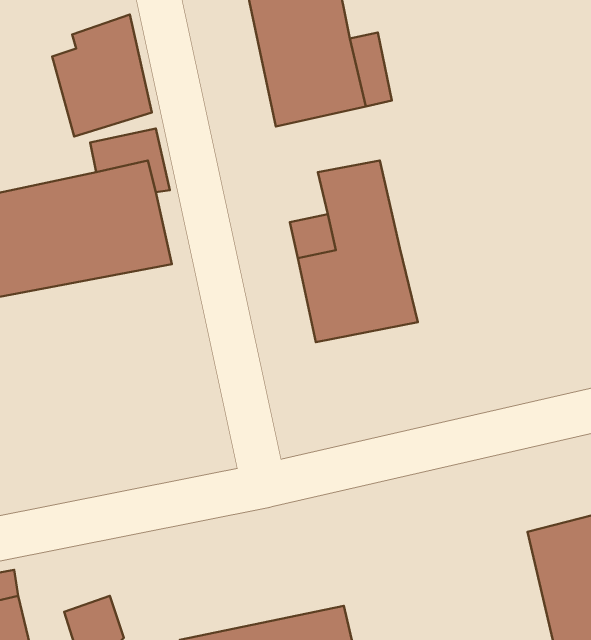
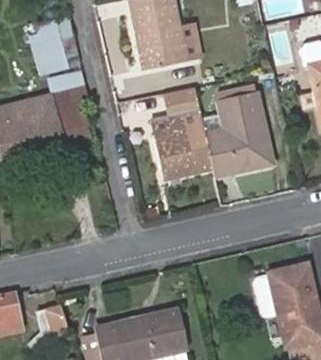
building: none -> [205,91,275,176]

